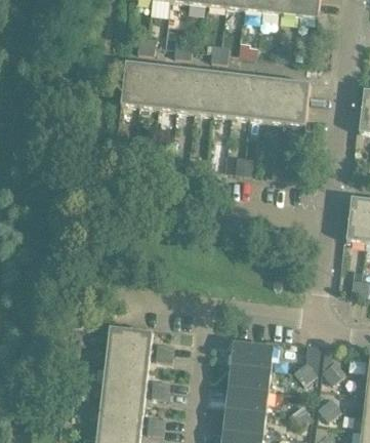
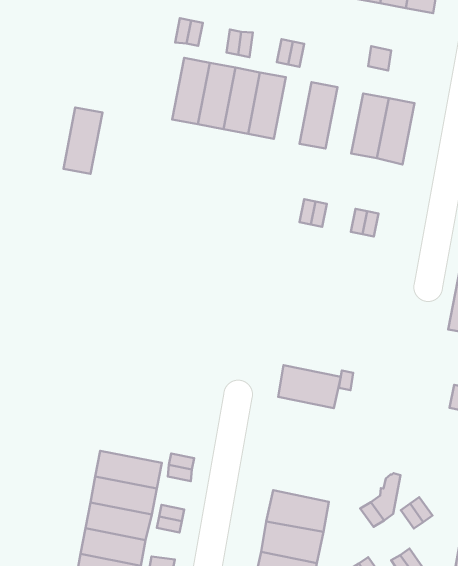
building: [121,61,146,107] -> [63,107,103,174]
building: [213,71,237,117] -> none
building: [250,75,274,121] -> none
building: [108,326,154,350] -> none
building: [232,340,275,368] -> [278,365,341,408]

